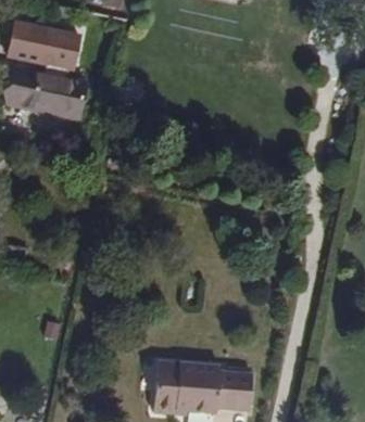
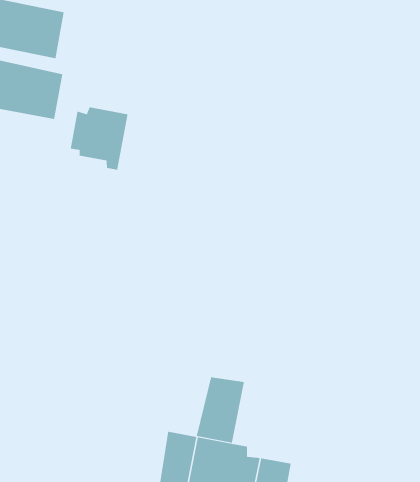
building: none -> [70,106,128,170]
building: none -> [196,376,244,444]

